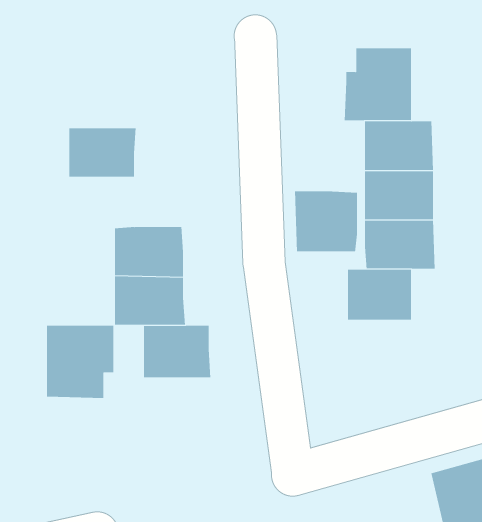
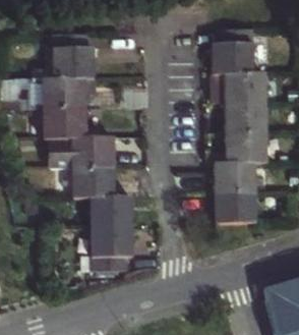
building: none -> [54,36,96,80]
building: none -> [46,110,85,141]
building: [294,191,358,252] -> none
building: none -> [213,196,252,225]
building: [46,325,114,398] -> [91,230,131,274]

